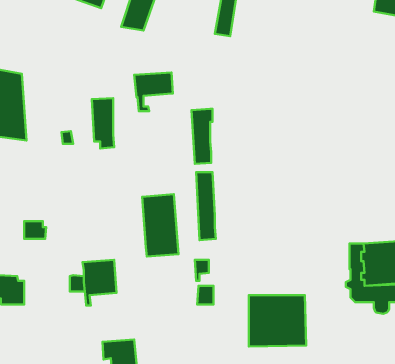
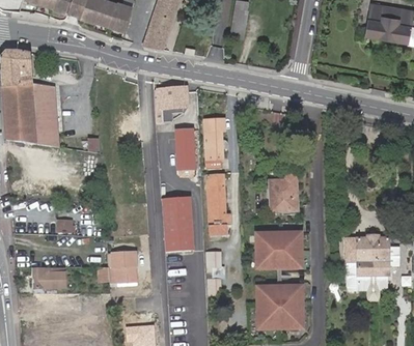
building: [92,98,114,148] -> [175,129,195,174]
building: none -> [268,173,297,212]
building: none -> [254,229,304,269]

